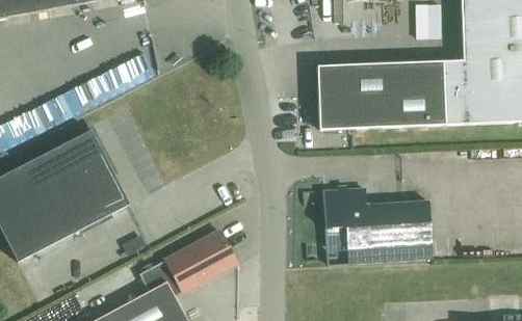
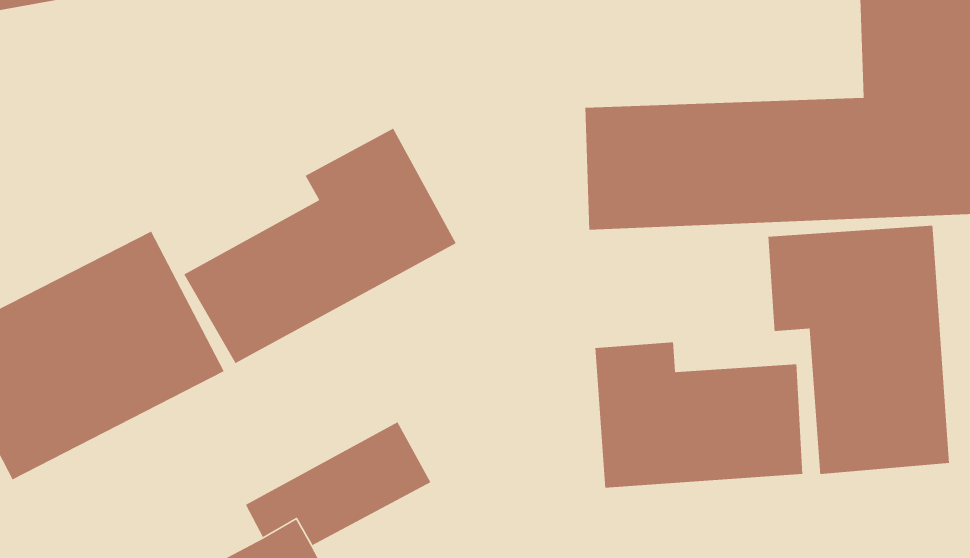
building: none -> [183,128,457,364]
building: none -> [767,225,950,475]

